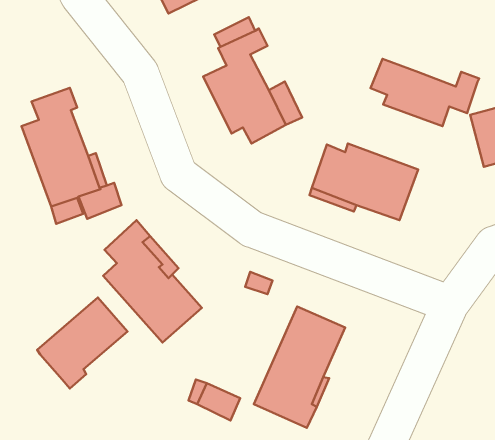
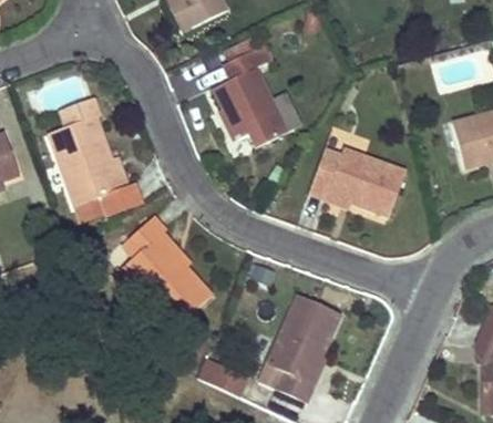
building: [370,59,479,126] -> none
building: [37,297,128,388] -> none

